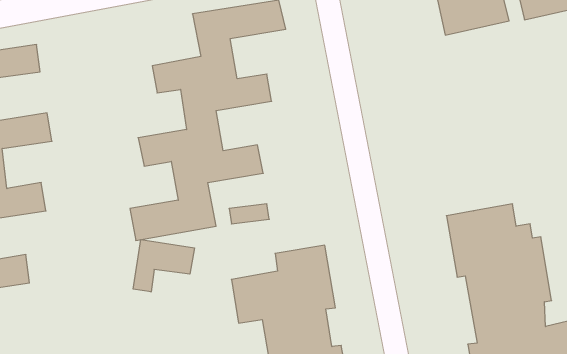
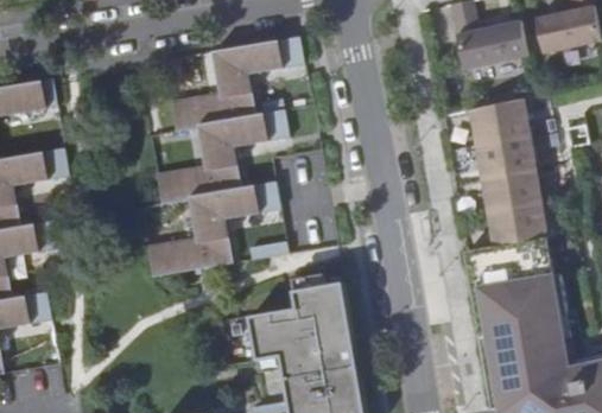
building: none -> [470,99,546,247]
building: [133,240,194,292] -> none

